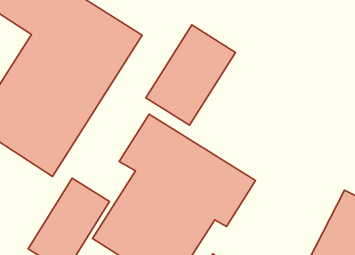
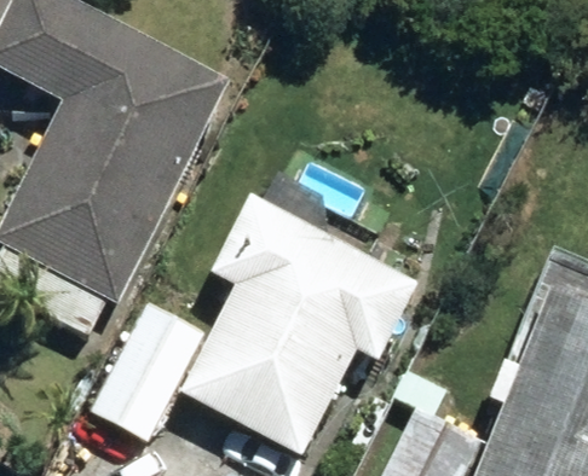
building: [146,25,235,125] -> none

